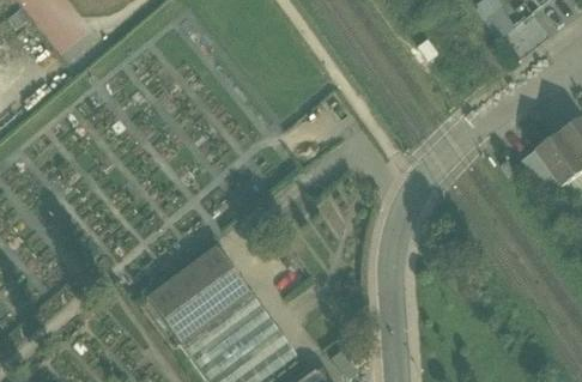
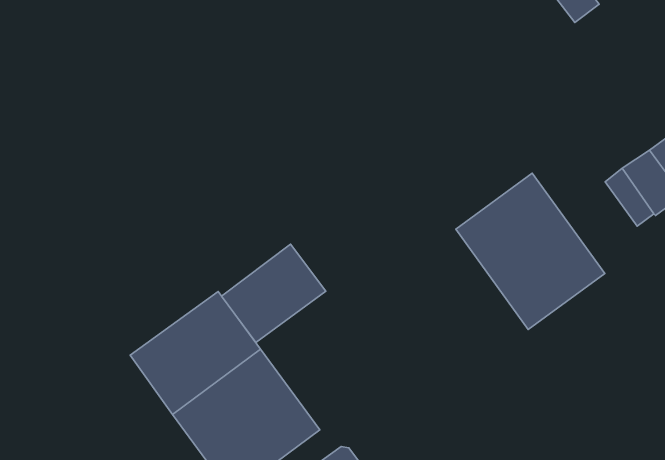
building: none -> [456,173,605,329]
building: none -> [222,244,326,343]

